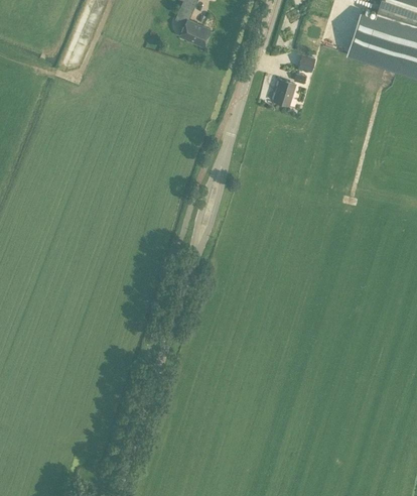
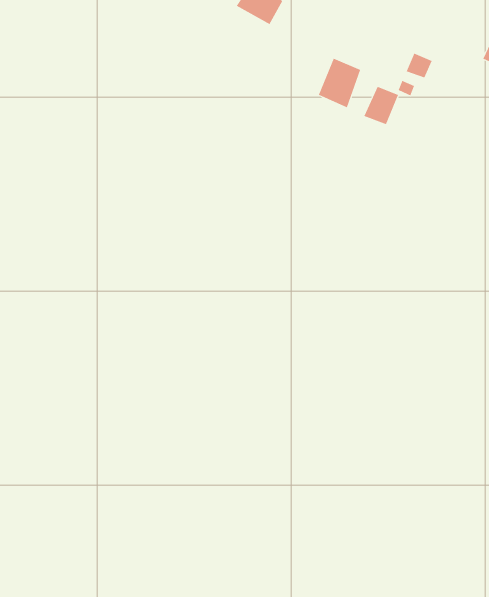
building: none -> [318,58,361,108]

